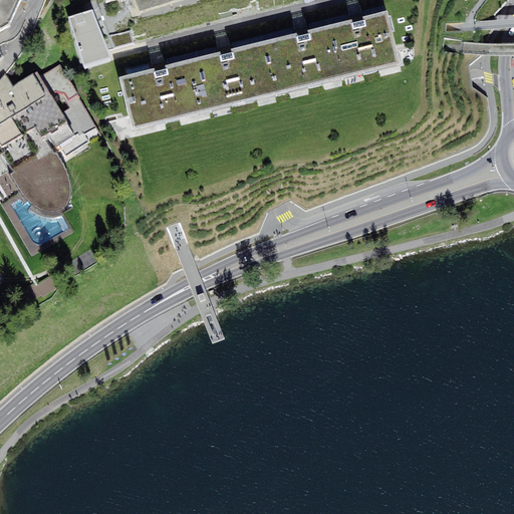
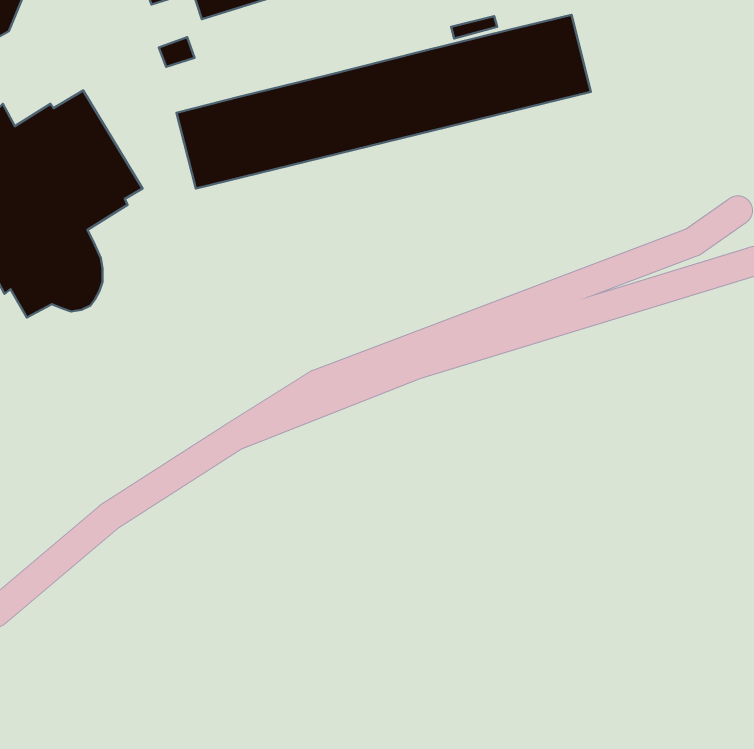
building: [65,5,108,66] -> none

